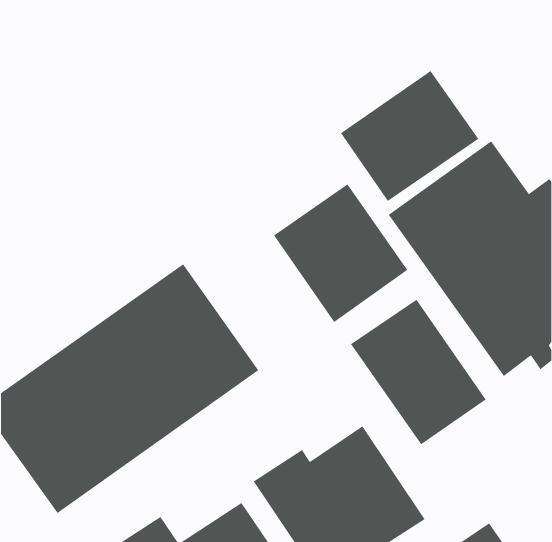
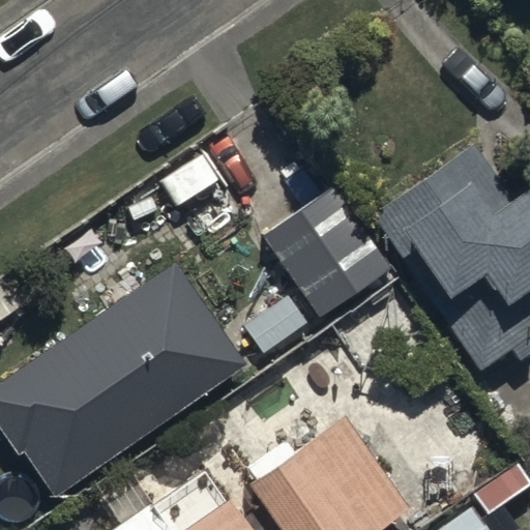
building: [340,70,479,202] -> none
building: [350,299,487,445] -> none

